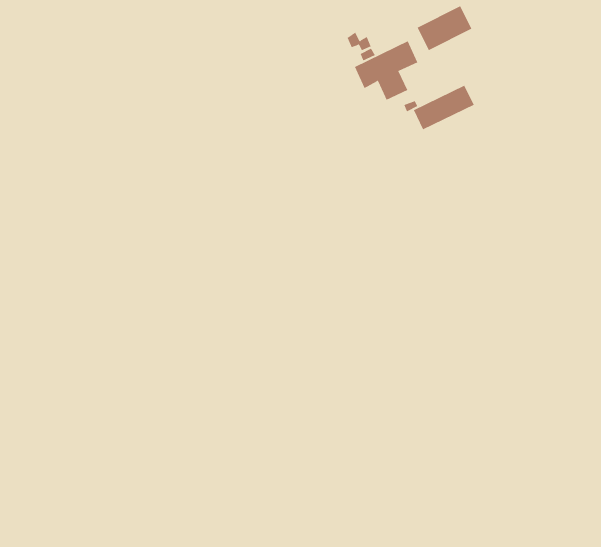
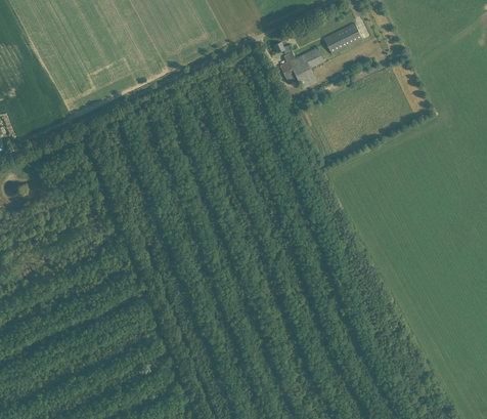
building: [413,85,474,130] -> none

